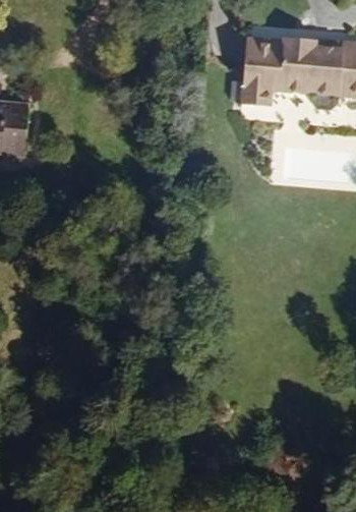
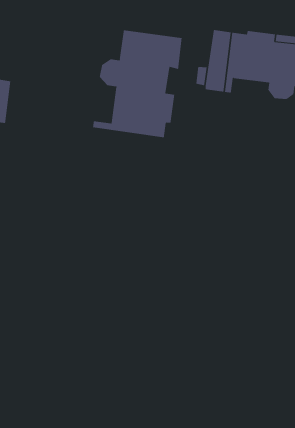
building: none -> [92,30,182,138]

